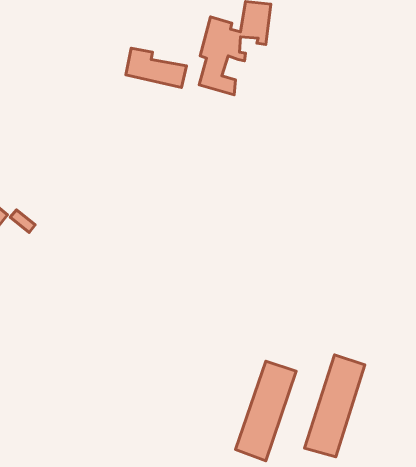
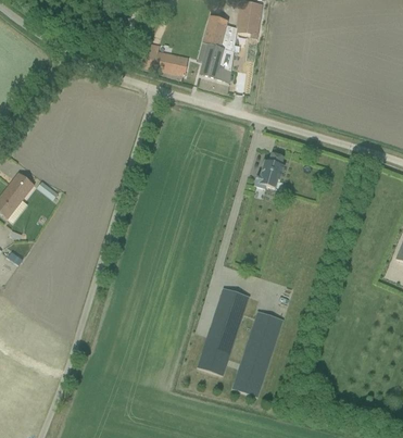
building: none -> [253,153,282,190]
building: [304,355,365,457] -> [196,288,248,376]

